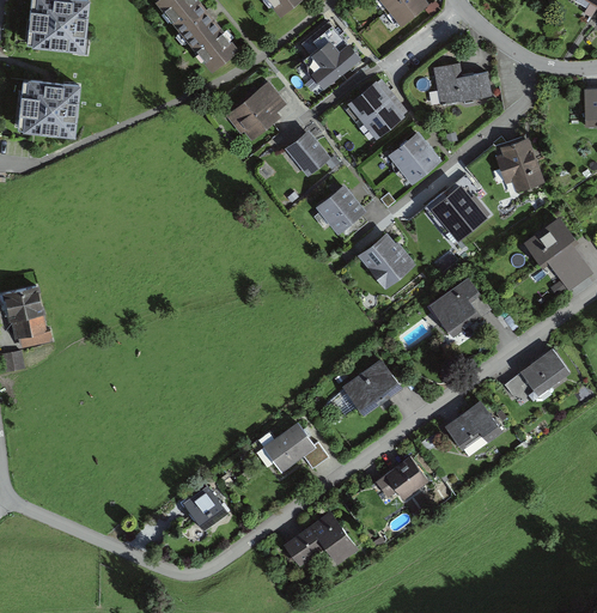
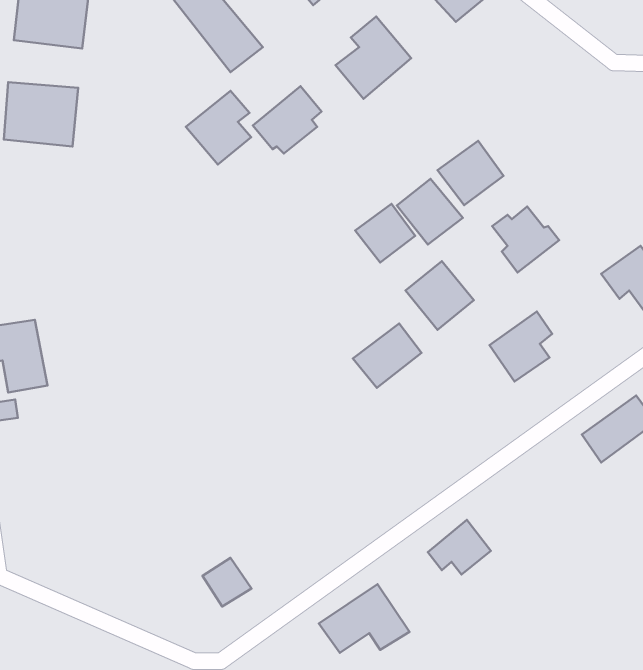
building: [434,63,492,105] -> none
building: [347,83,403,139] -> [397,179,463,245]
building: none -> [186,91,251,164]
building: [284,131,329,177] -> none
building: [498,139,546,192] -> none
building: [340,359,398,414] -> [353,323,422,388]
building: [441,400,504,454] -> none
building: [261,423,319,474] -> none

